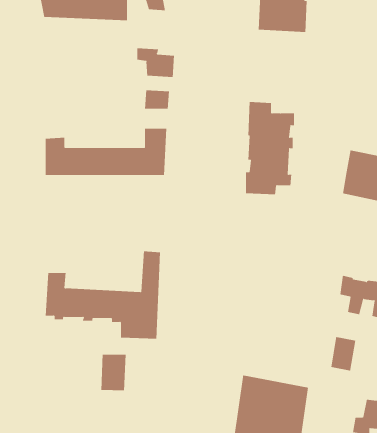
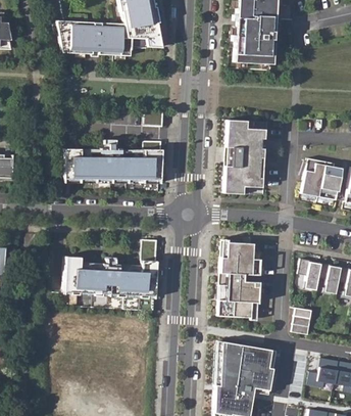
building: [137,48,174,78] -> none
building: none -> [218,242,258,318]
building: [101,354,126,391] -> none

